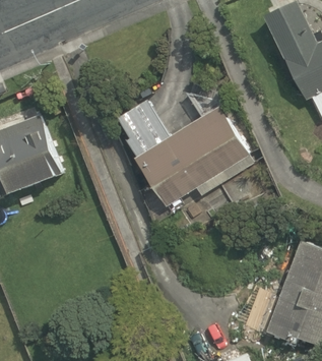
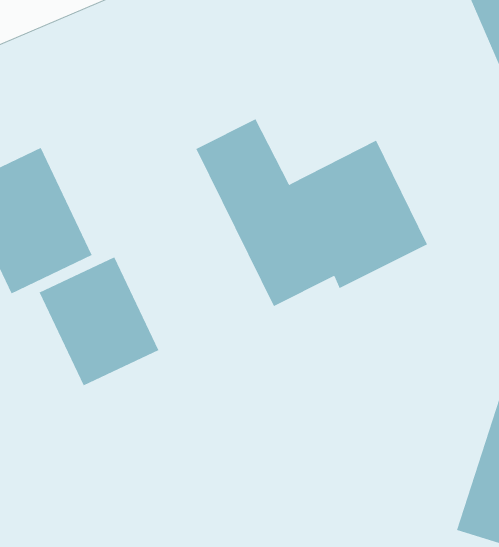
building: none -> [39,257,159,386]

